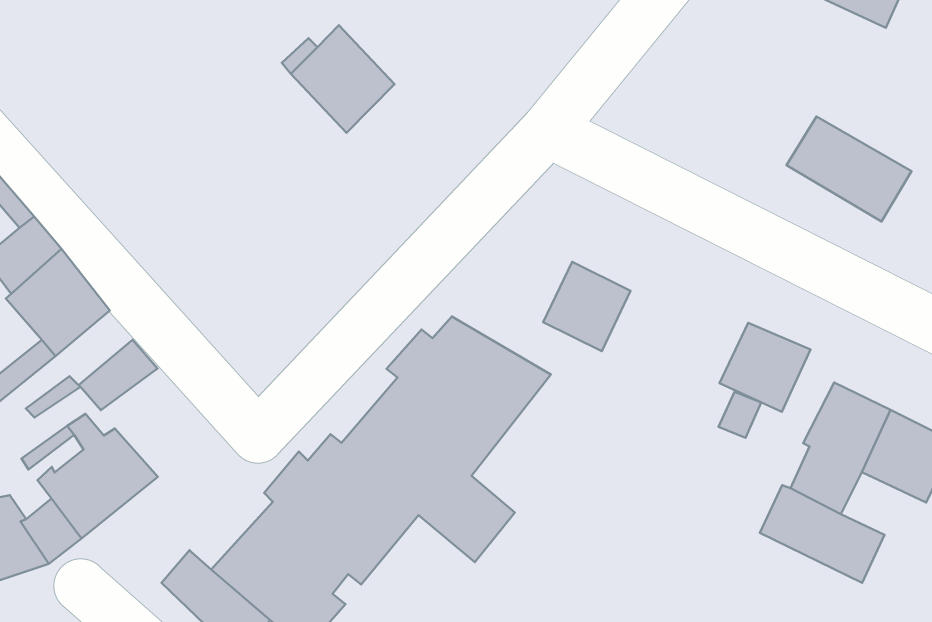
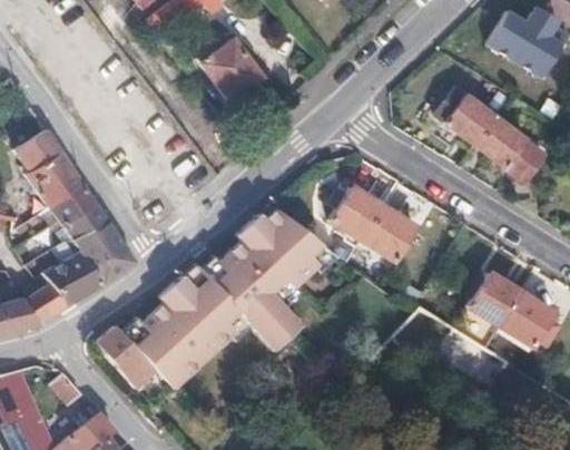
building: none -> [434,89,497,146]
building: [719,323,810,412] -> [361,207,414,260]
building: none -> [75,222,135,283]

